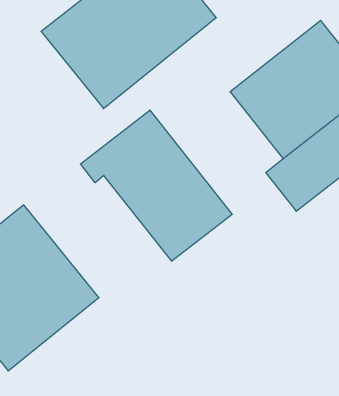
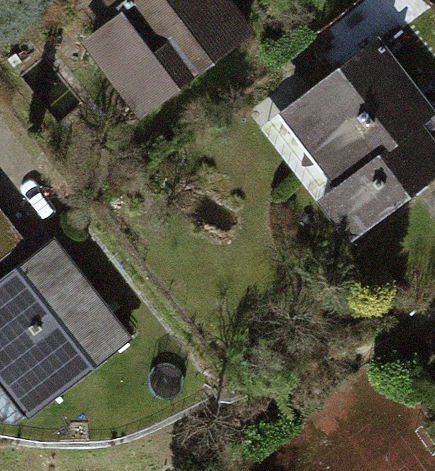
building: [80,110,232,261] -> none

